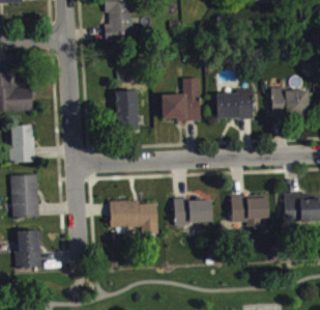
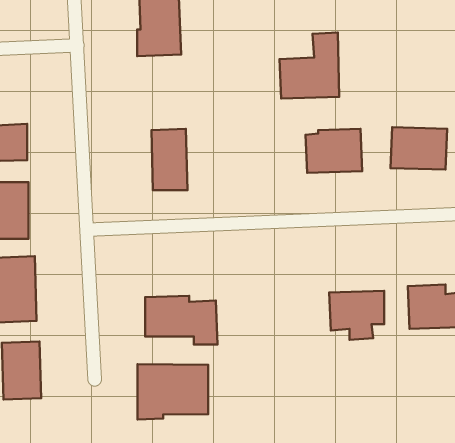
building: [161,77,200,120] -> [280,32,339,99]
building: [174,198,211,224] -> none
building: none -> [138,364,208,420]

